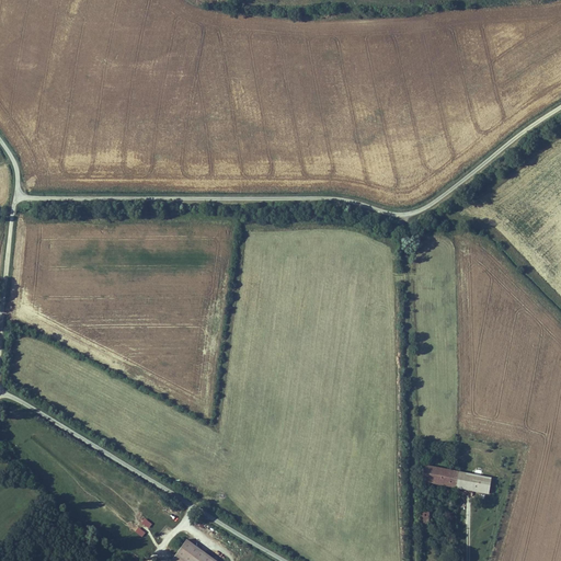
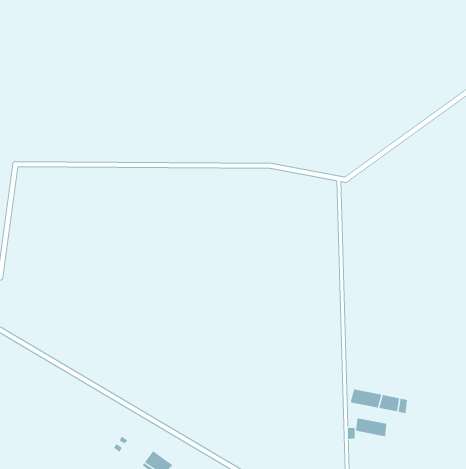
building: none -> [355,417,387,437]

